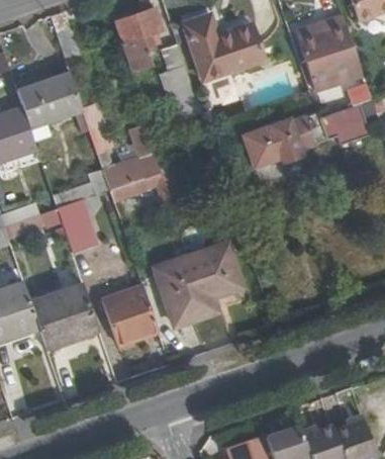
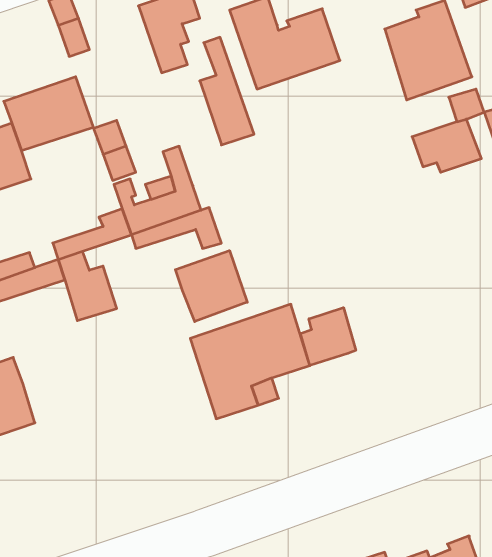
building: [243,111,326,166] -> none
building: none -> [175,251,247,322]
building: none -> [300,308,356,366]
building: [29,284,96,349] -> none
building: [99,290,158,345] -> none

